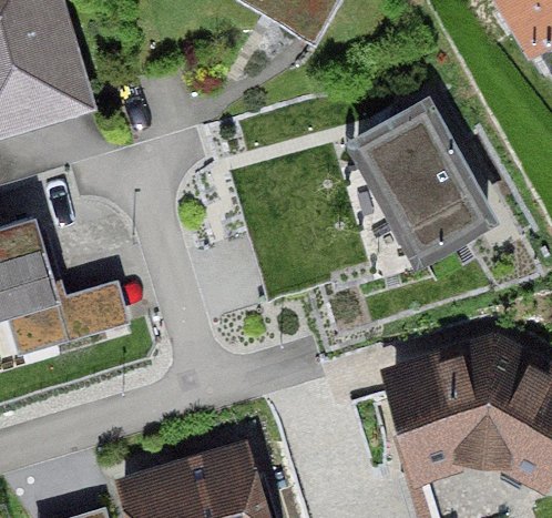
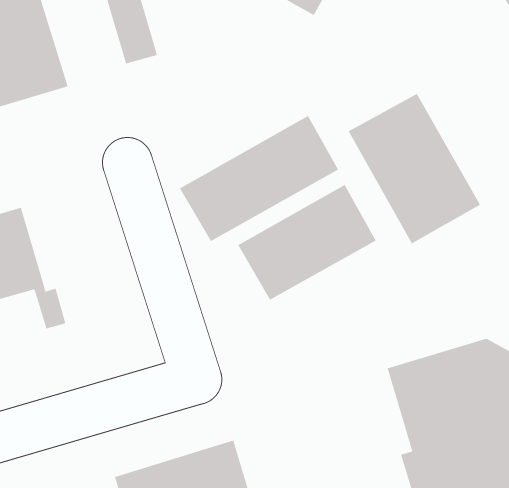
building: none -> [179,115,339,242]
building: none -> [237,184,377,301]

